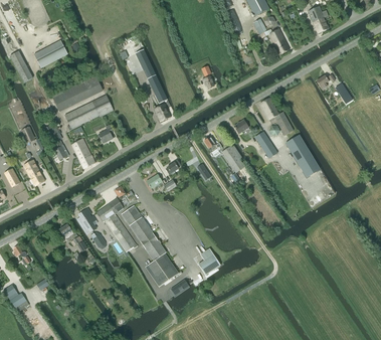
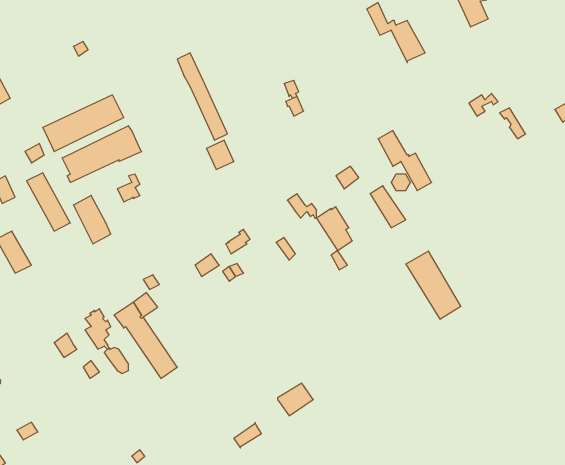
building: [34,40,67,67] -> none
building: [285,135,320,177] -> [406,251,461,319]
building: [121,205,179,288] -> none

